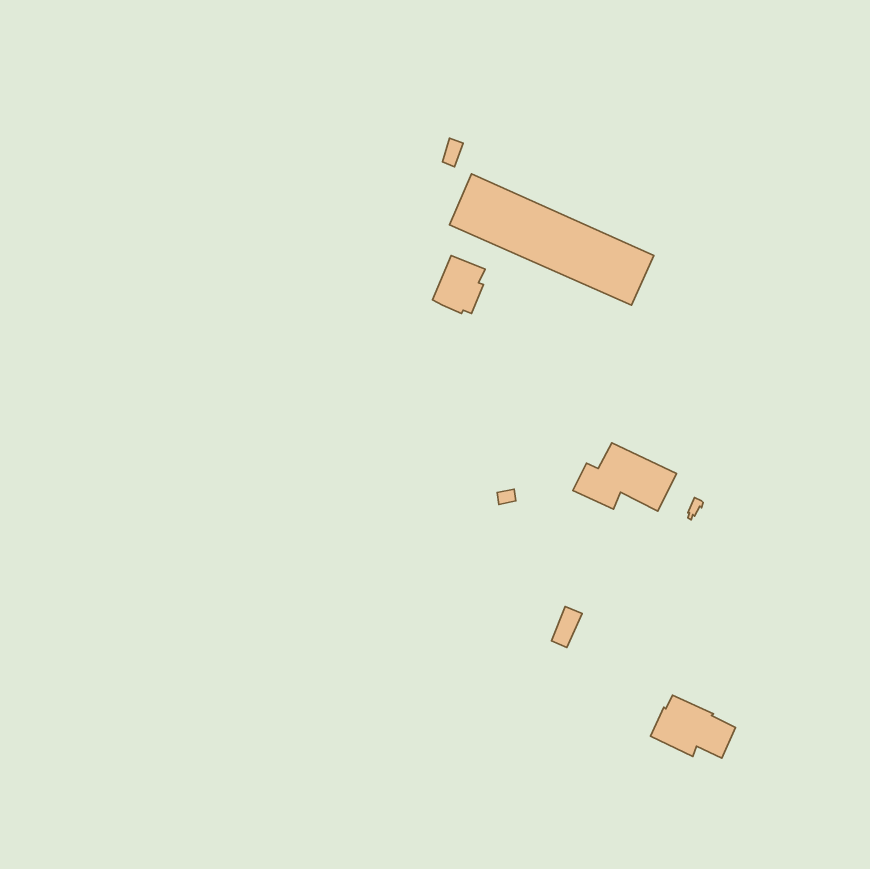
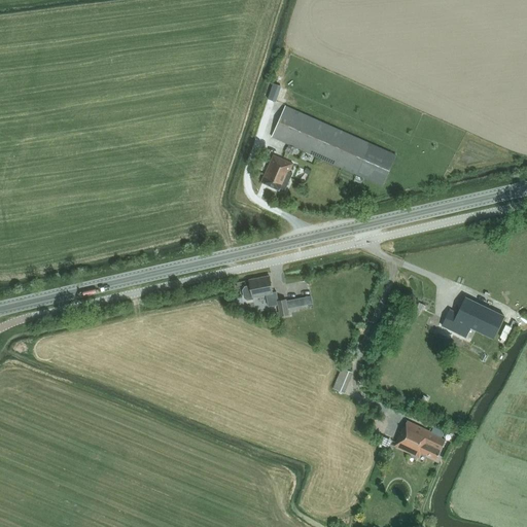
building: [573,443,677,511] -> [442,296,504,338]
building: none -> [243,275,288,315]

